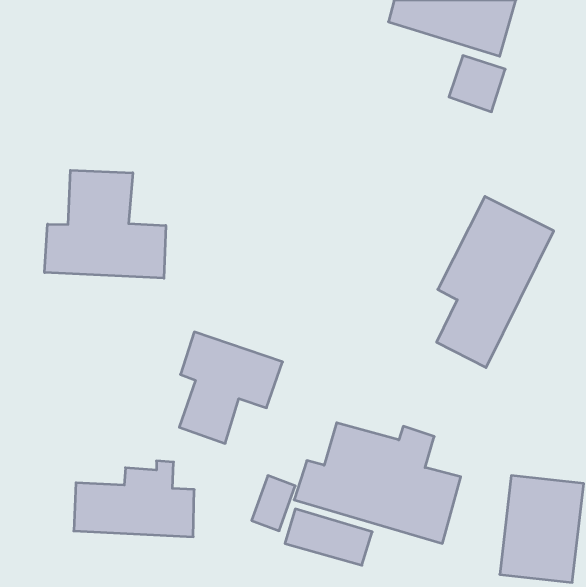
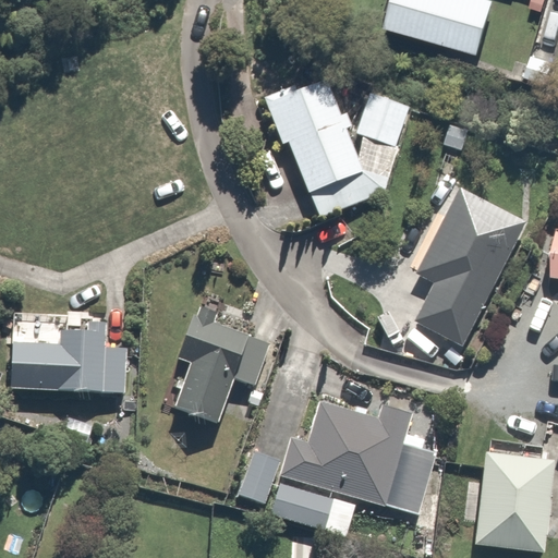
building: [449,56,505,112] -> [355,93,409,146]
building: none -> [265,74,389,217]
building: [45,170,166,278] -> none
building: [74,461,194,537] -> [11,322,125,393]

